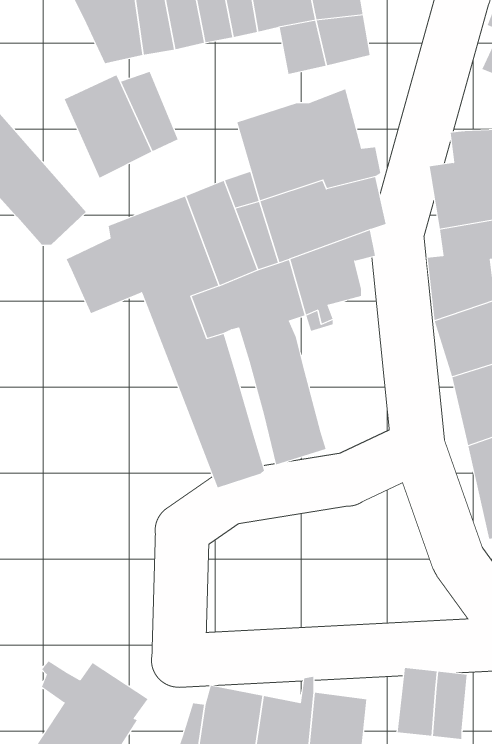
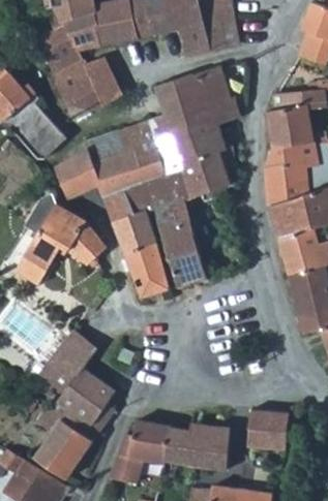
building: none -> [35,26,83,73]
building: none -> [19,202,102,281]
building: none -> [40,328,115,426]

